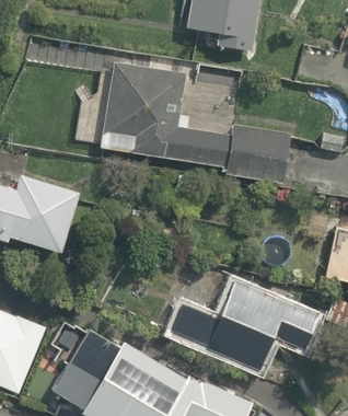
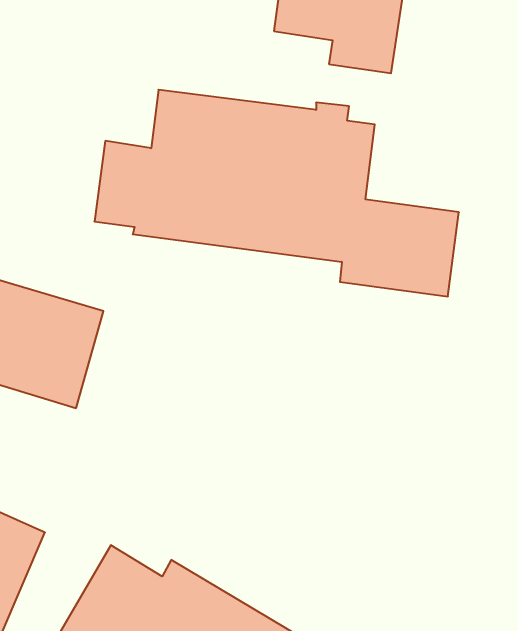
building: [170,280,317,366] -> none

